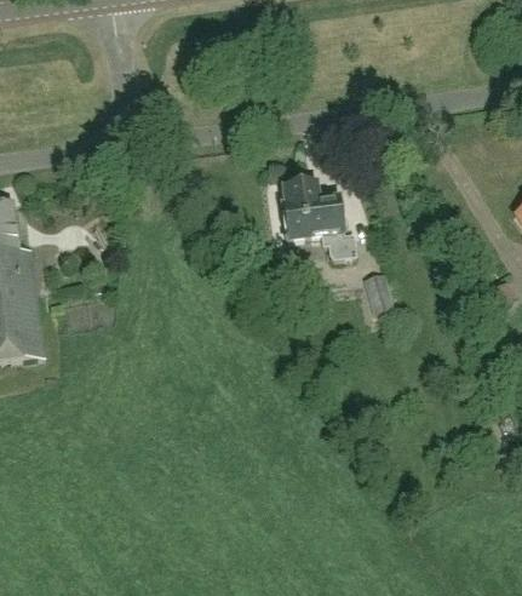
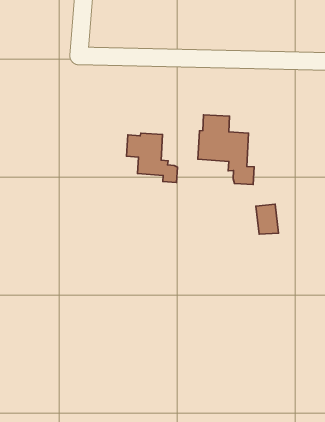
building: none -> [126,133,177,182]

